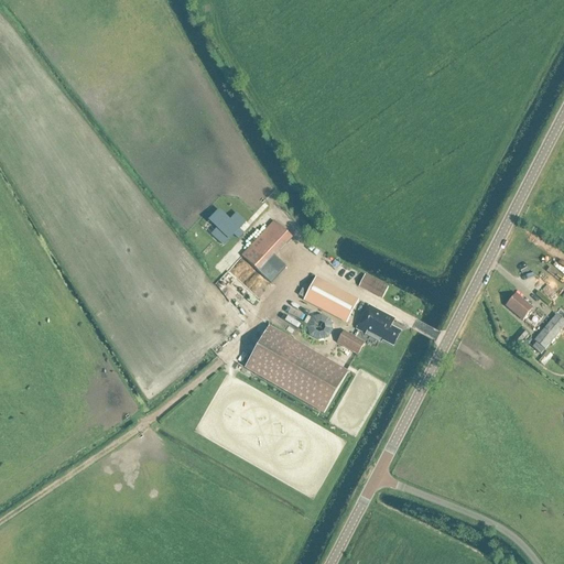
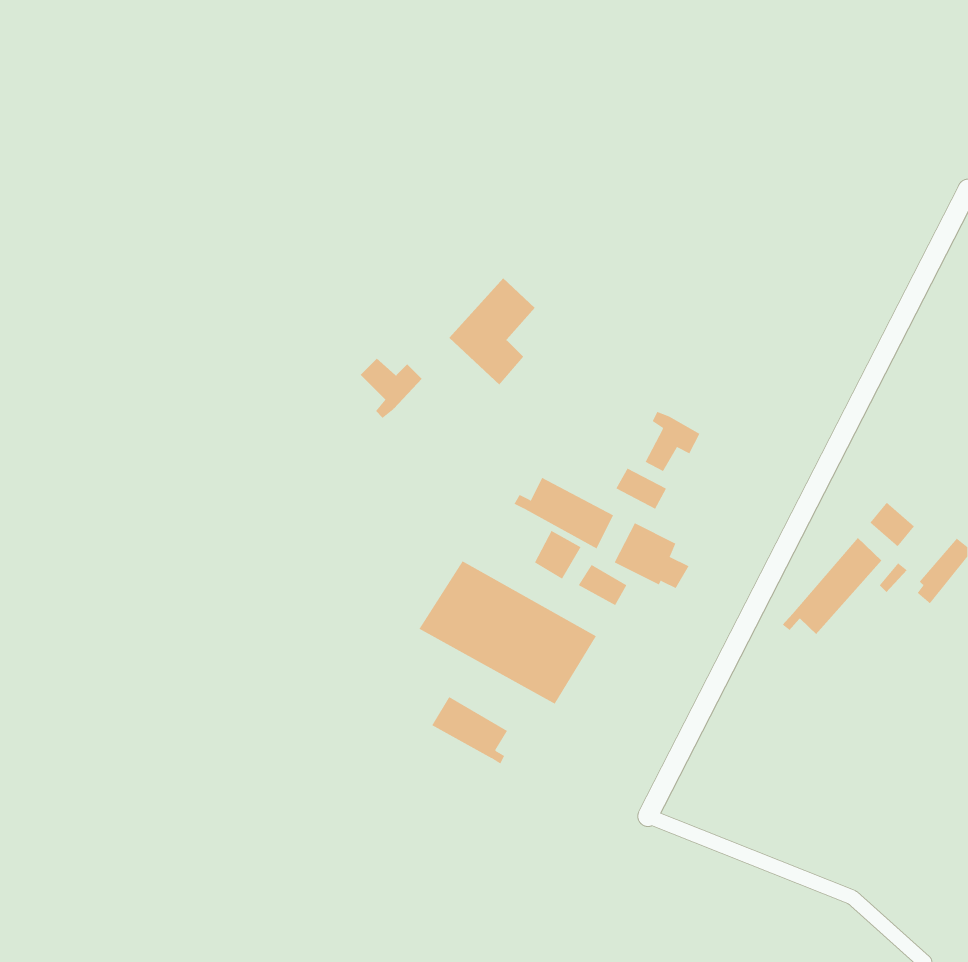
building: [241,218,292,281] -> [448,277,535,385]
building: none -> [645,411,700,472]
building: none -> [782,537,882,635]
building: none -> [431,696,508,764]

